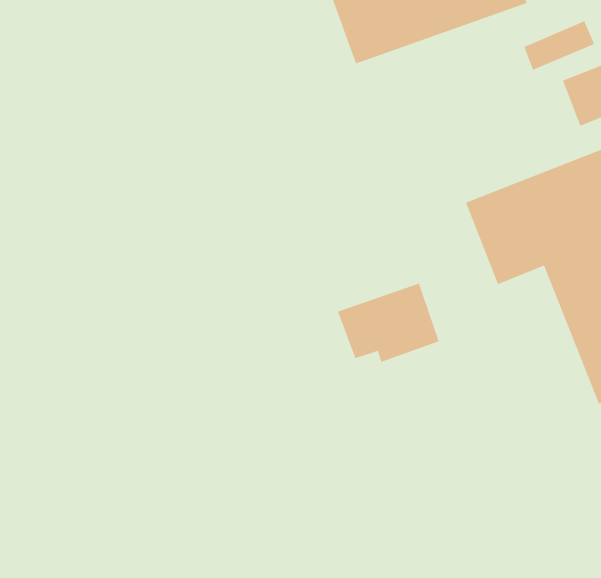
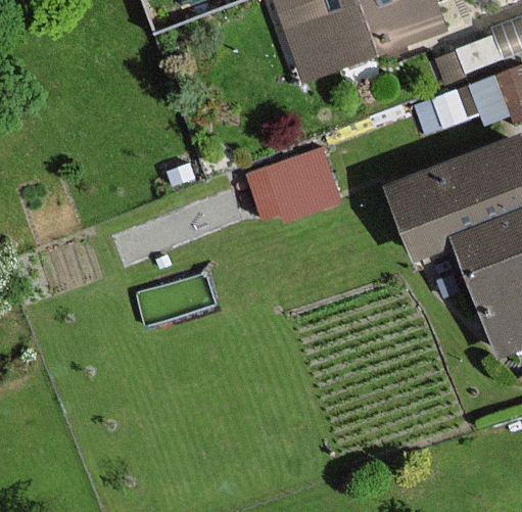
building: [337,283,439,363] -> [253,150,337,216]

